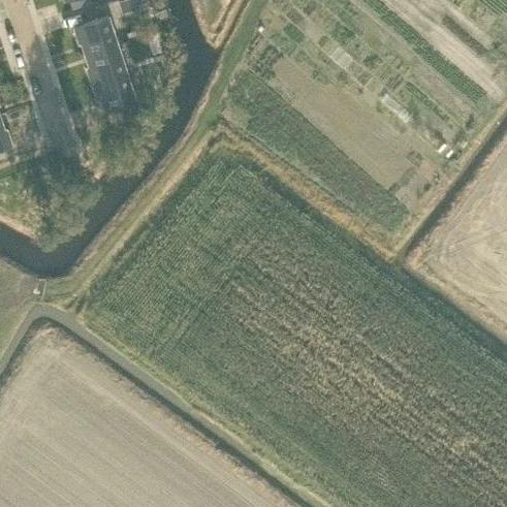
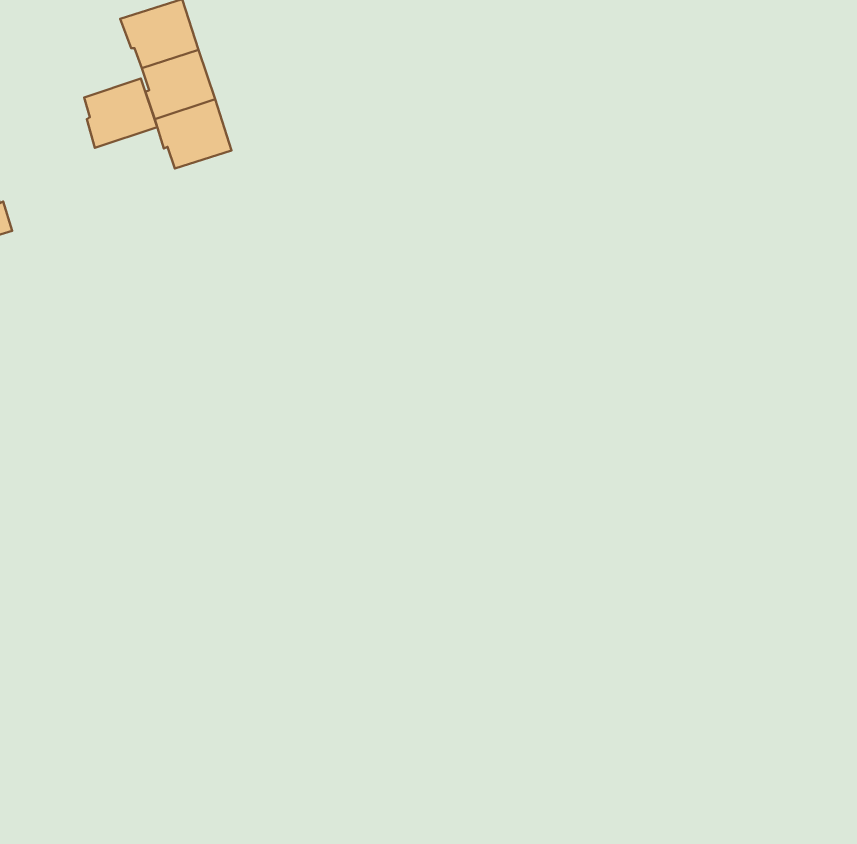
building: none -> [84,79,157,148]

